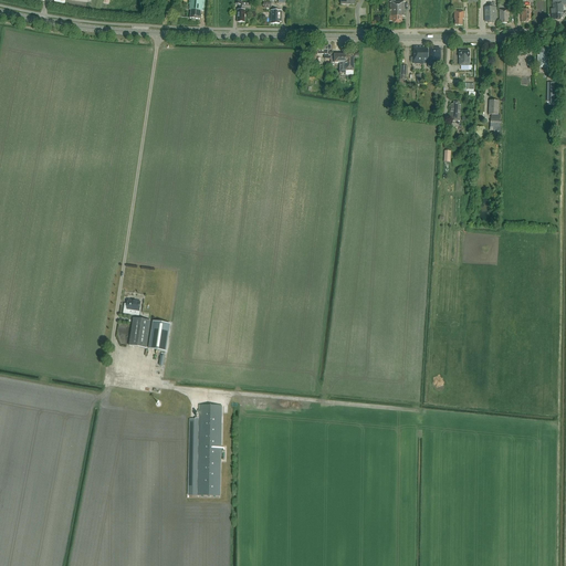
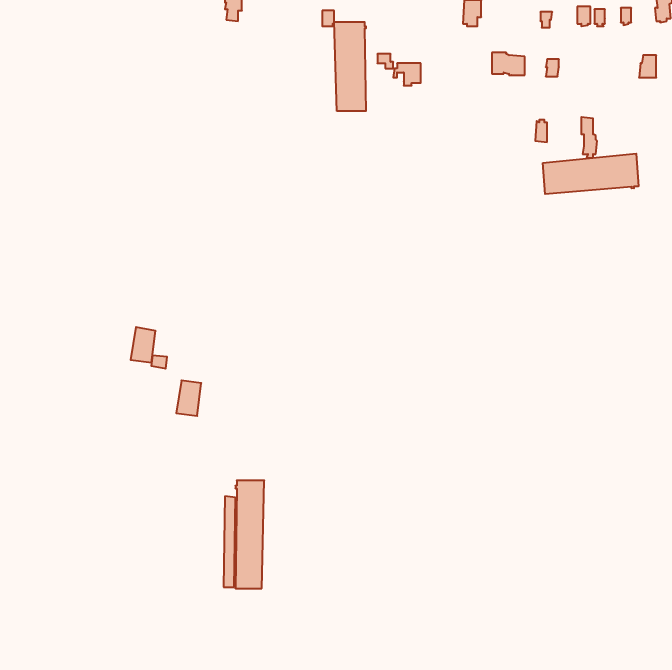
building: none -> [334,22,366,111]
building: none -> [543,154,638,194]
building: [128,316,149,346] -> [131,327,156,363]

